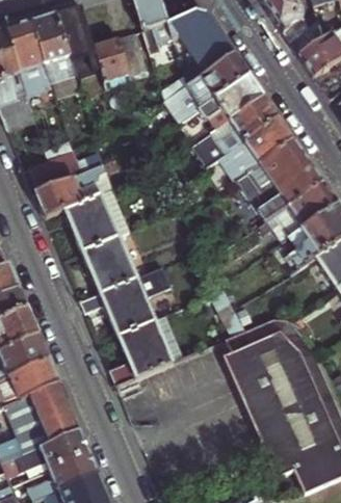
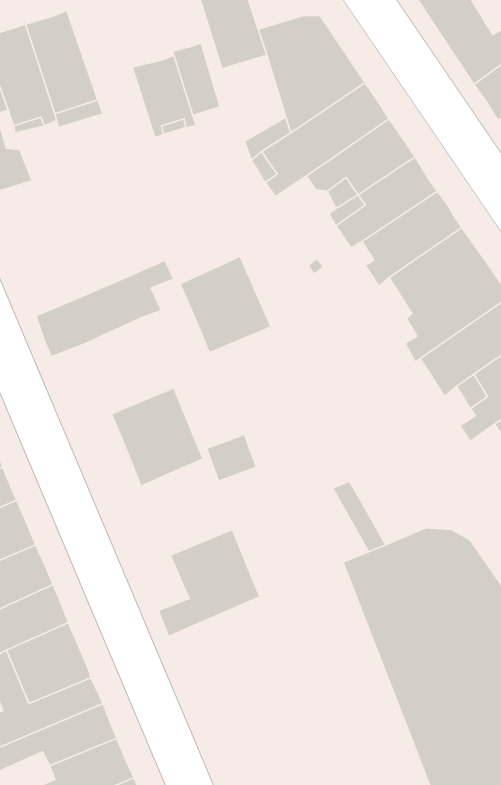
building: [30,149,83,191] -> none
building: [64,193,120,252] -> [180,256,271,353]
building: [81,279,155,337] -> none

